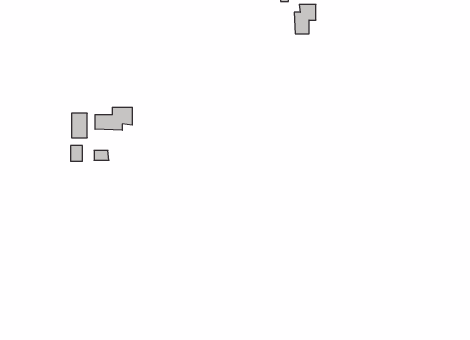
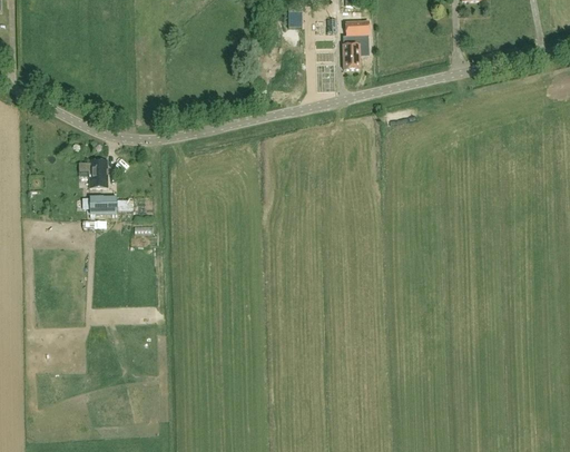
building: [95,107,132,130] -> none

